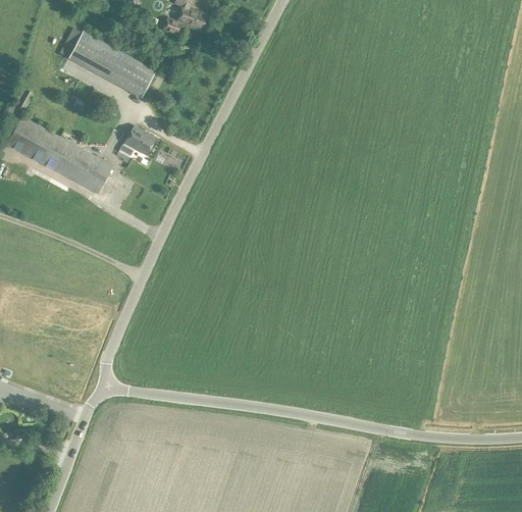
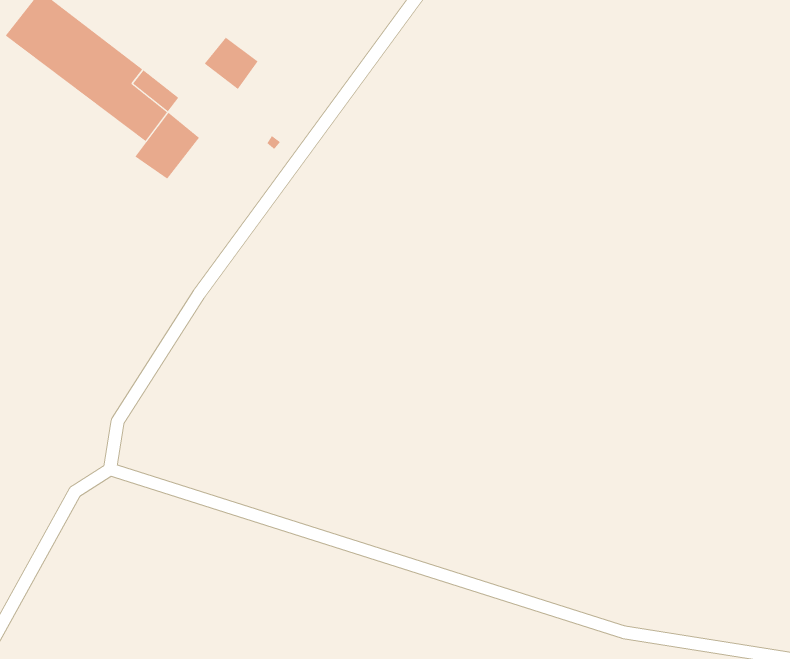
building: none -> [135,112,200,179]

